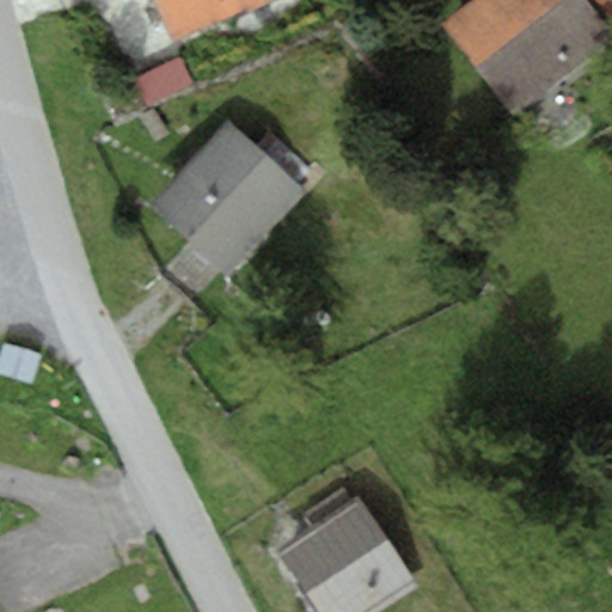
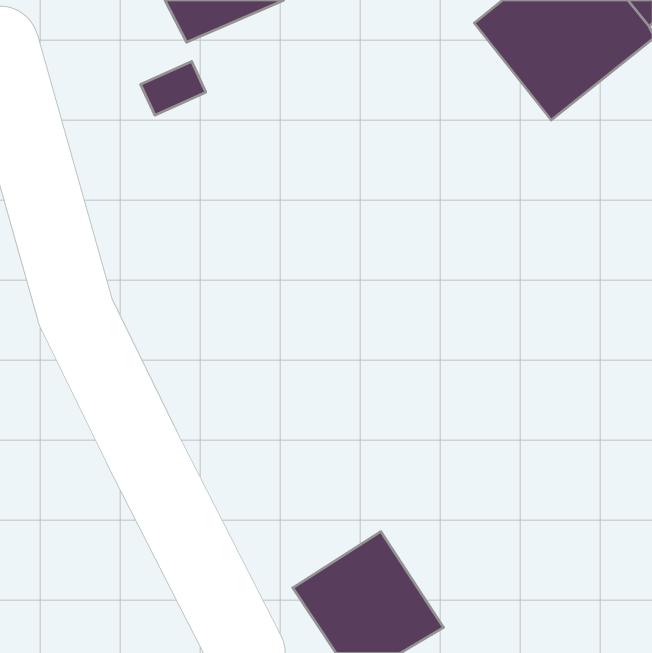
building: [152,121,304,273] -> none

